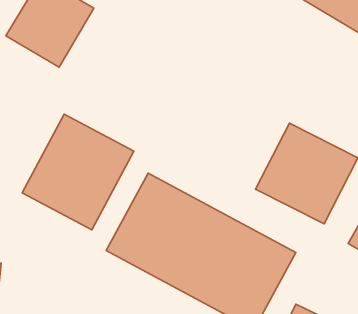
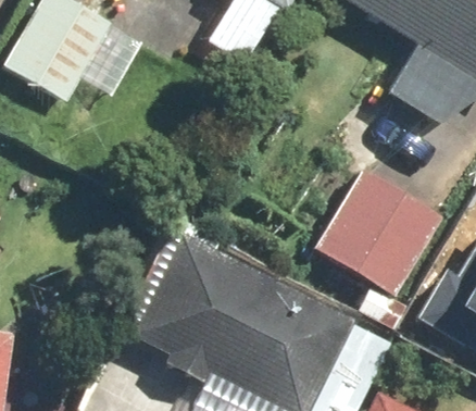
building: [22,114,134,230] -> none

